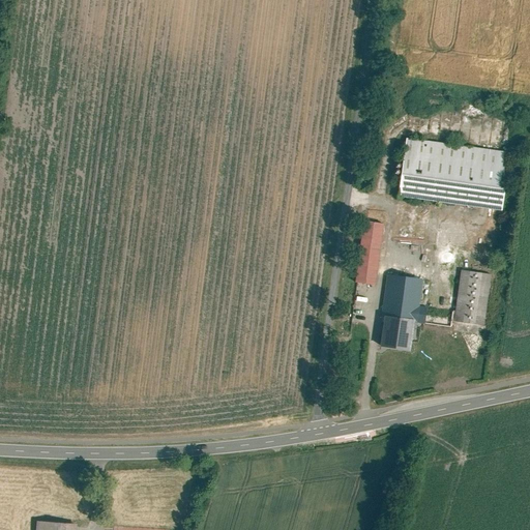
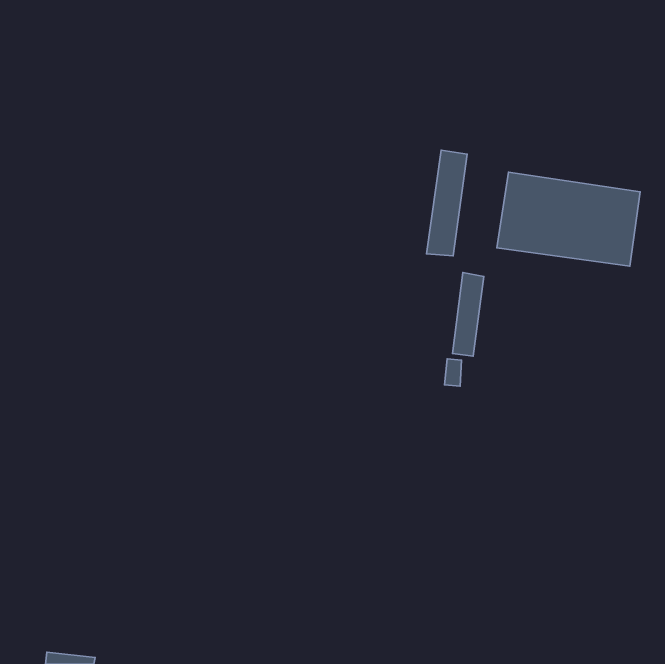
building: none -> [427,150,467,256]
building: [380,270,490,351] -> none

